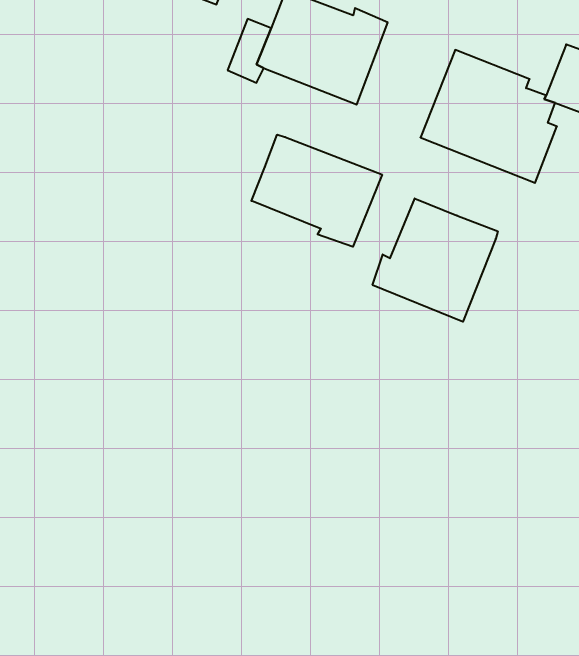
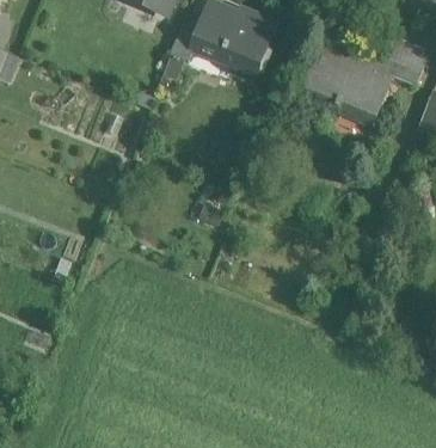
building: [251,135,382,247] -> none
building: [373,198,498,322] -> none

